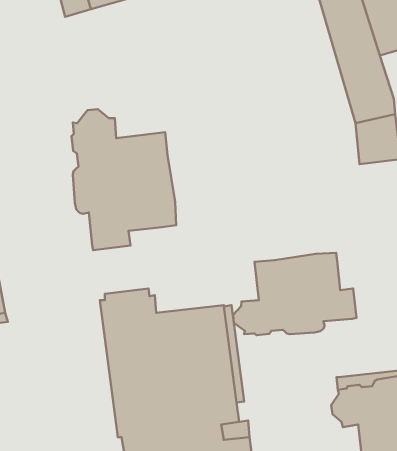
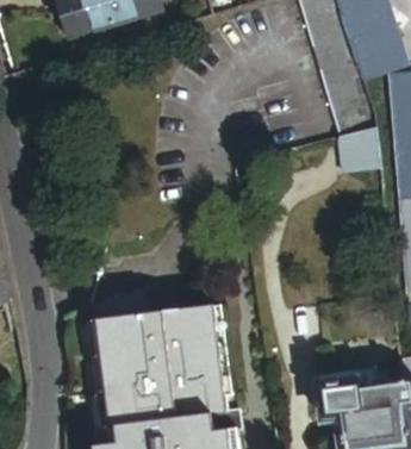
building: [71,109,176,250] -> none
building: [233,253,356,335] -> none

